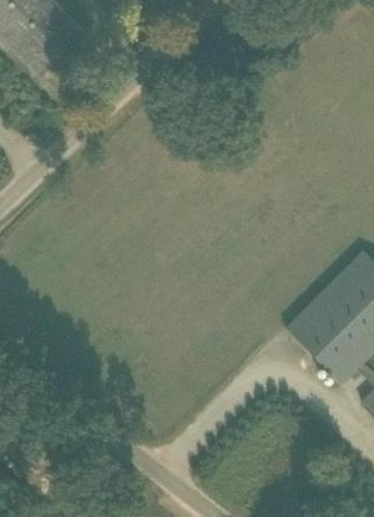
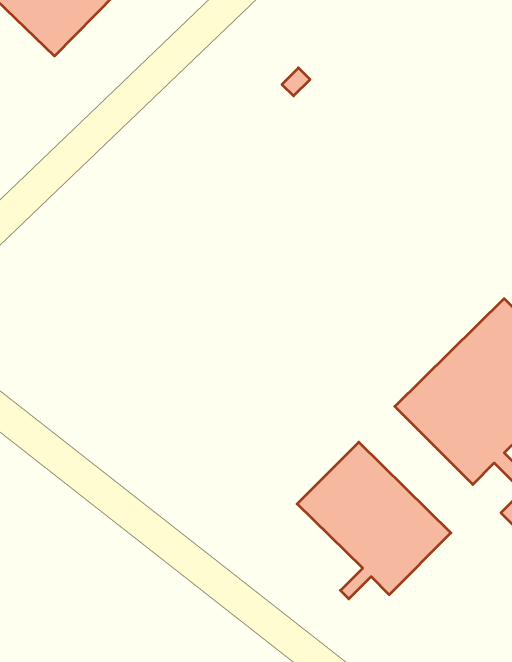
building: none -> [297,442,451,599]

